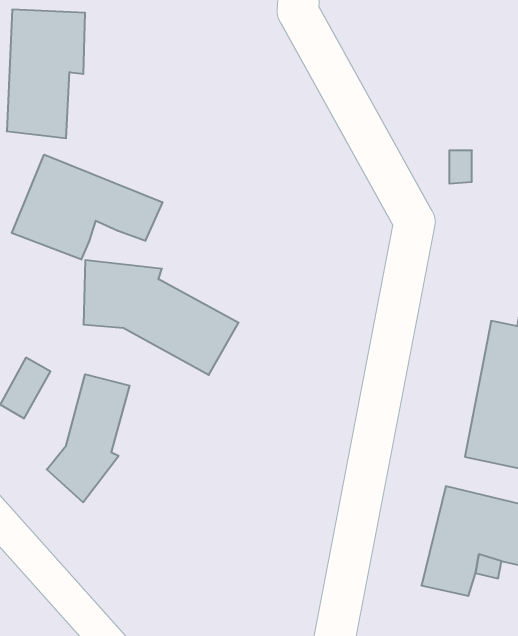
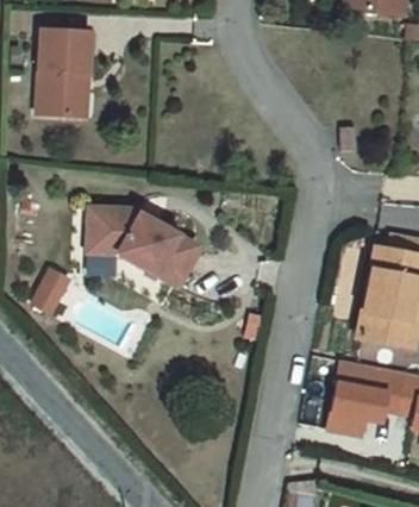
building: [12,155,162,260] -> none
building: [47,374,130,502] -> none

